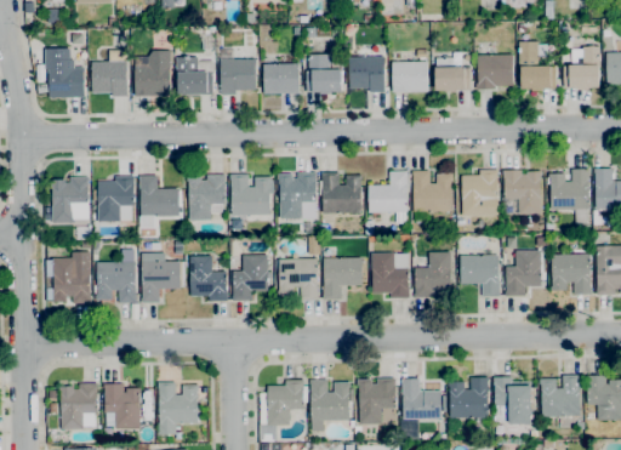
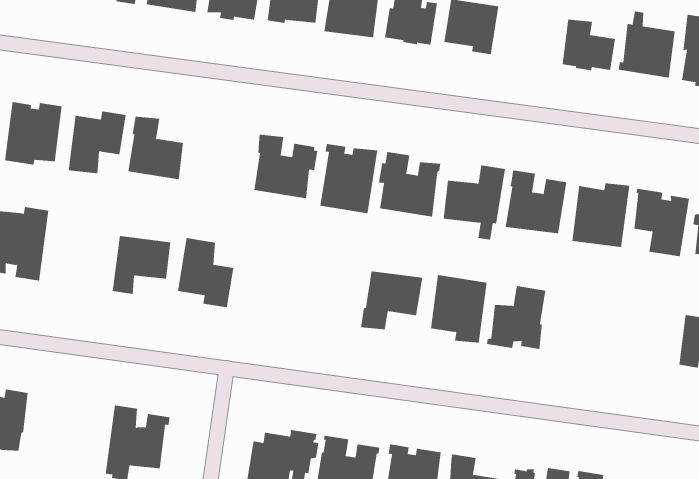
building: [393,61,429,92] -> none
building: [188,175,227,220] -> none
building: [507,249,546,296] -> none
building: [233,255,273,301] -> none
building: [461,256,501,297] -> none
building: [275,258,320,300] -> none
building: [95,261,137,302] -> none
building: [106,383,142,428] -> none

